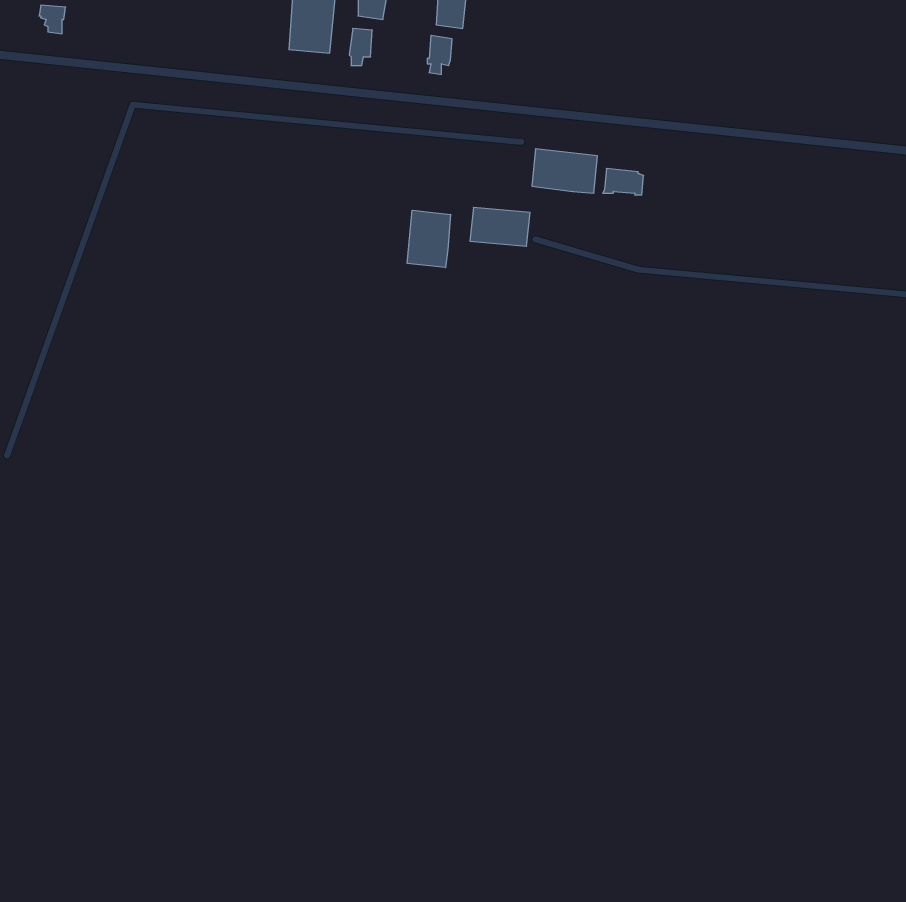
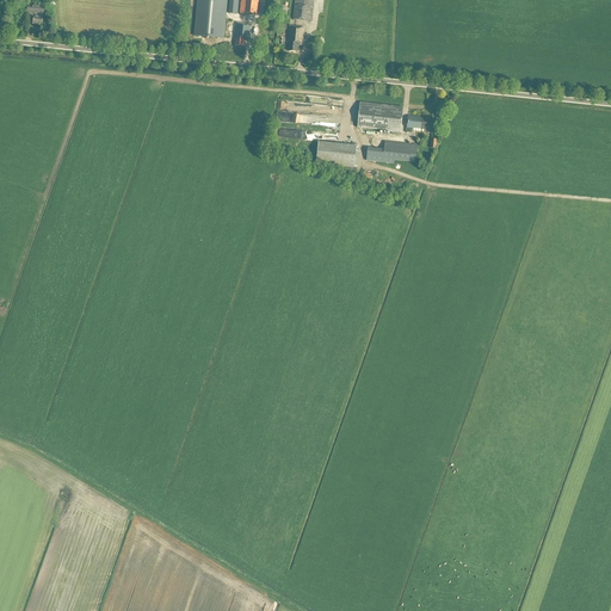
building: none -> [366,140,418,162]
building: [407,210,451,268] -> none

